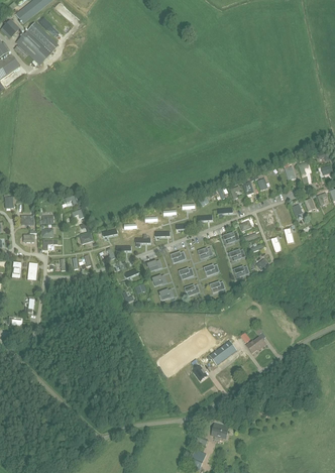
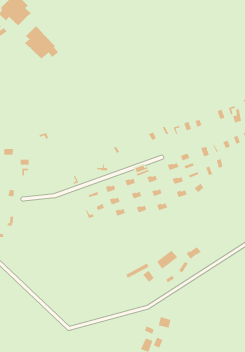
building: none -> [24,25,59,60]

